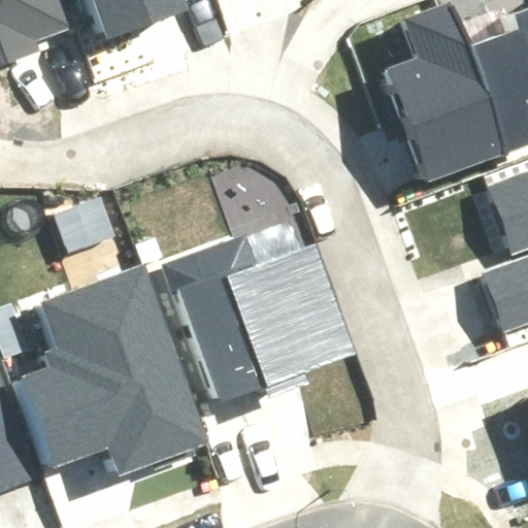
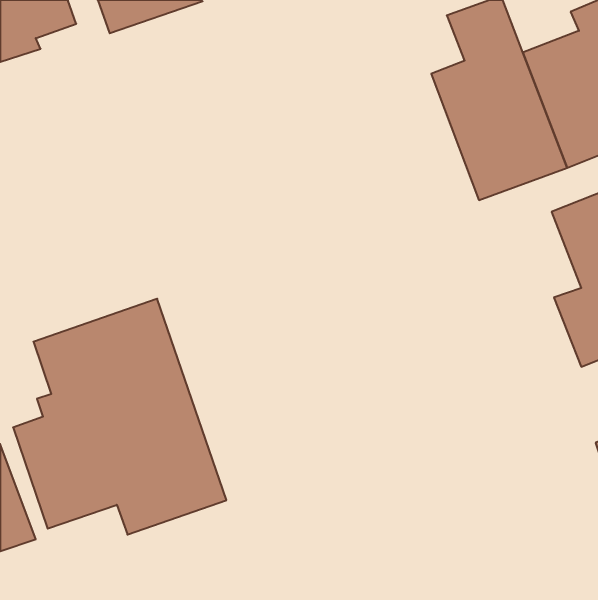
building: [161,232,348,402] -> none

